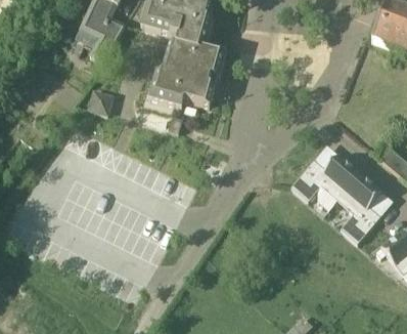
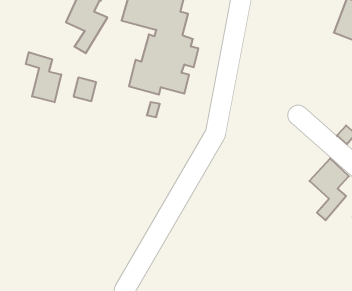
building: none -> [26,52,61,102]
building: [300,156,365,199] -> none

